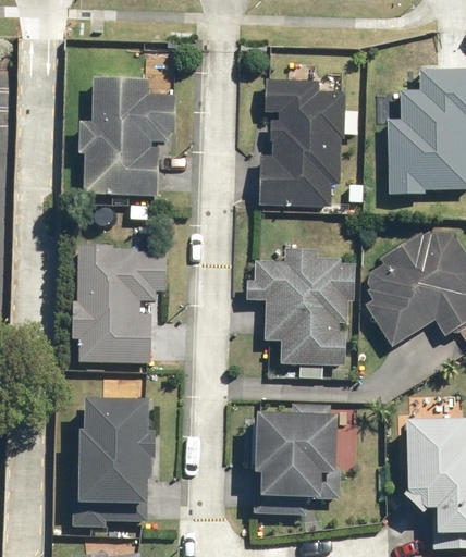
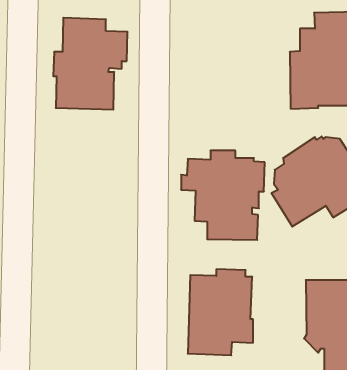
building: [259,79,357,206] -> none
building: [72,244,167,364] -> none
building: [74,397,158,529] -> none

